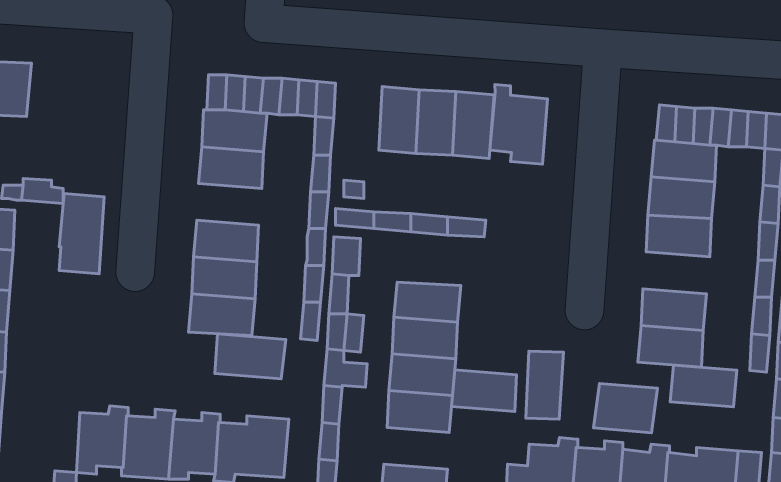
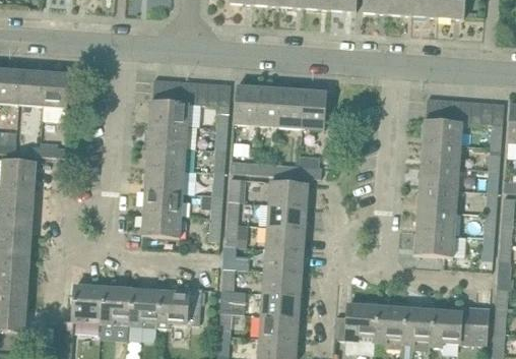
building: [490,85,547,164] -> none
building: none -> [234,85,259,125]
building: none -> [146,145,186,171]
building: [59,193,104,274] -> [43,72,70,121]
building: none -> [268,181,309,207]
building: [215,334,286,379] -> none
building: [526,351,563,419] -> none
building: [670,365,737,407] -> [417,187,458,213]
building: [451,370,517,412] -> [260,294,300,319]
building: [594,383,658,433] -> none

